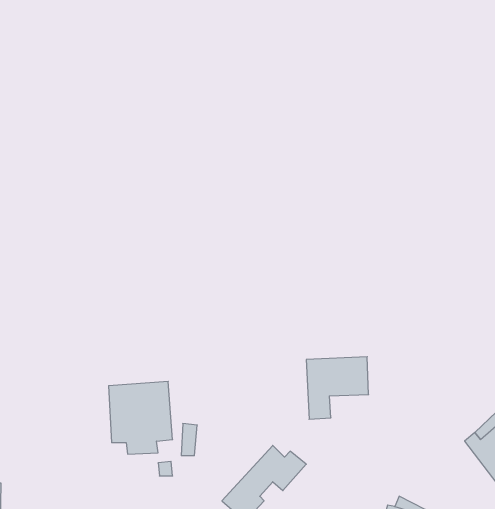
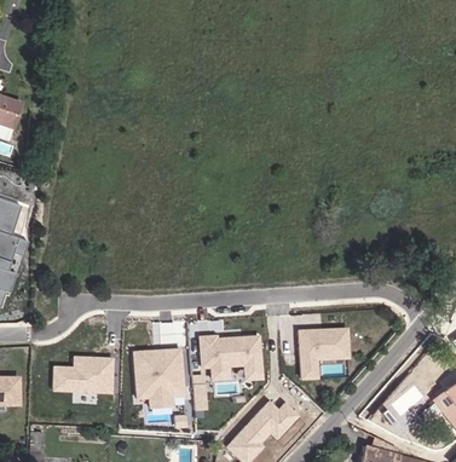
building: none -> [198,334,262,380]
building: none -> [54,357,114,405]

